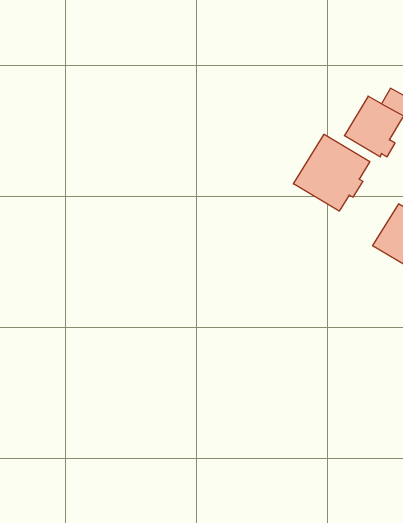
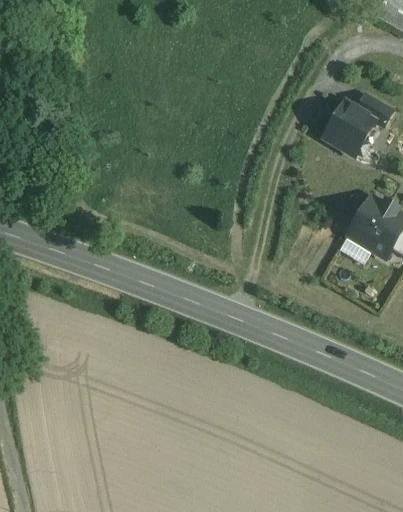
building: [293,134,370,211] -> none

